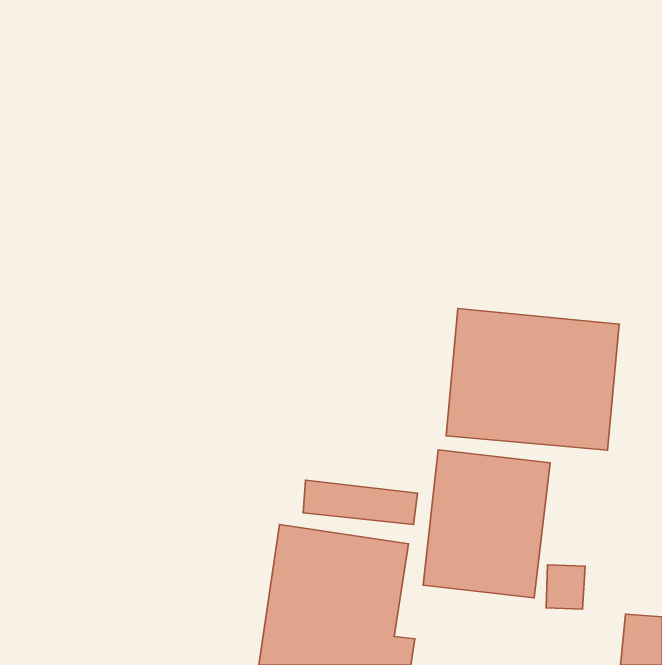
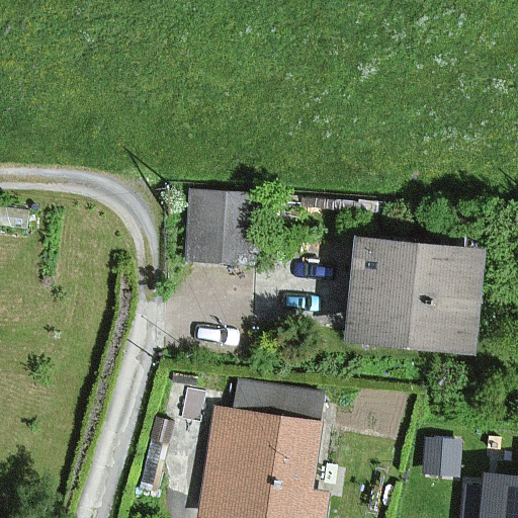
building: none -> [187,193,253,262]
building: [423,450,550,598] -> none

